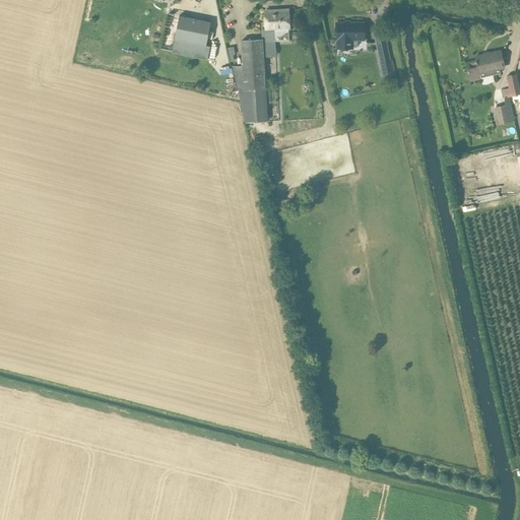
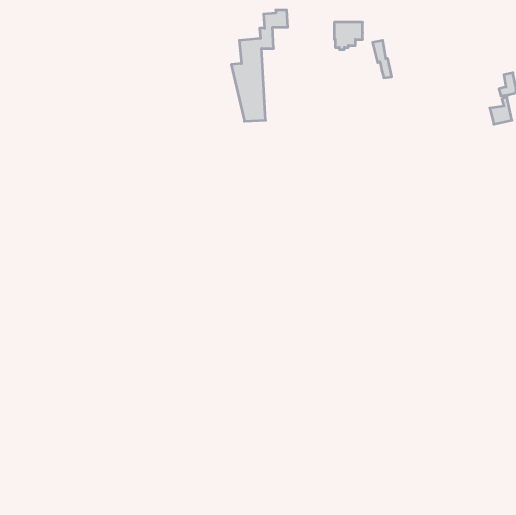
building: [160,13,219,59] -> none
building: [466,51,505,79] -> none

